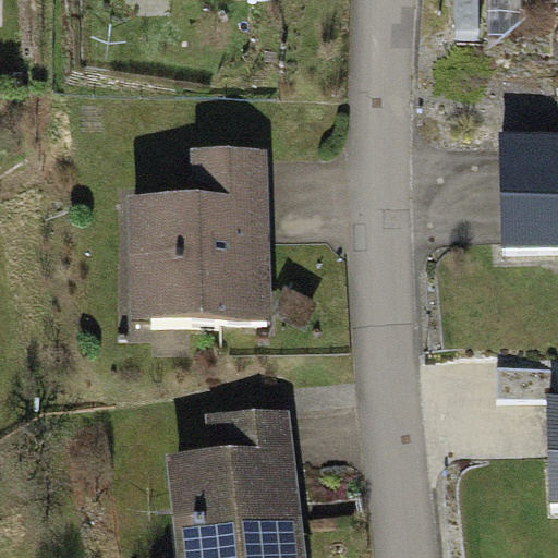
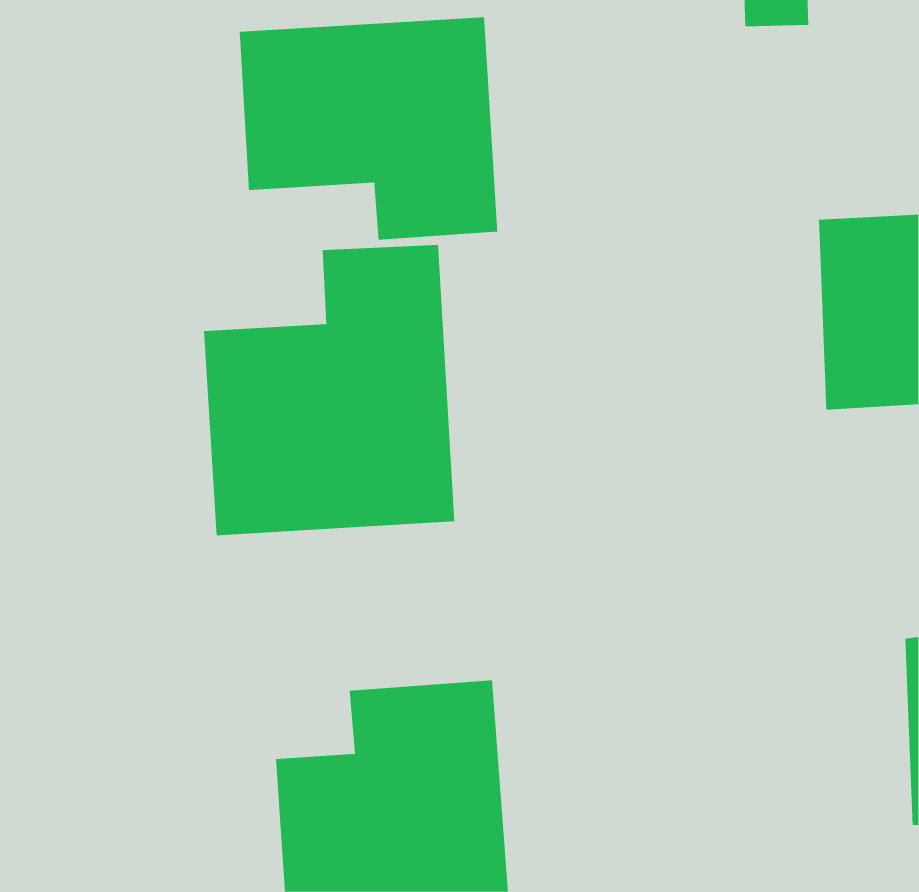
building: none -> [239,16,498,241]

